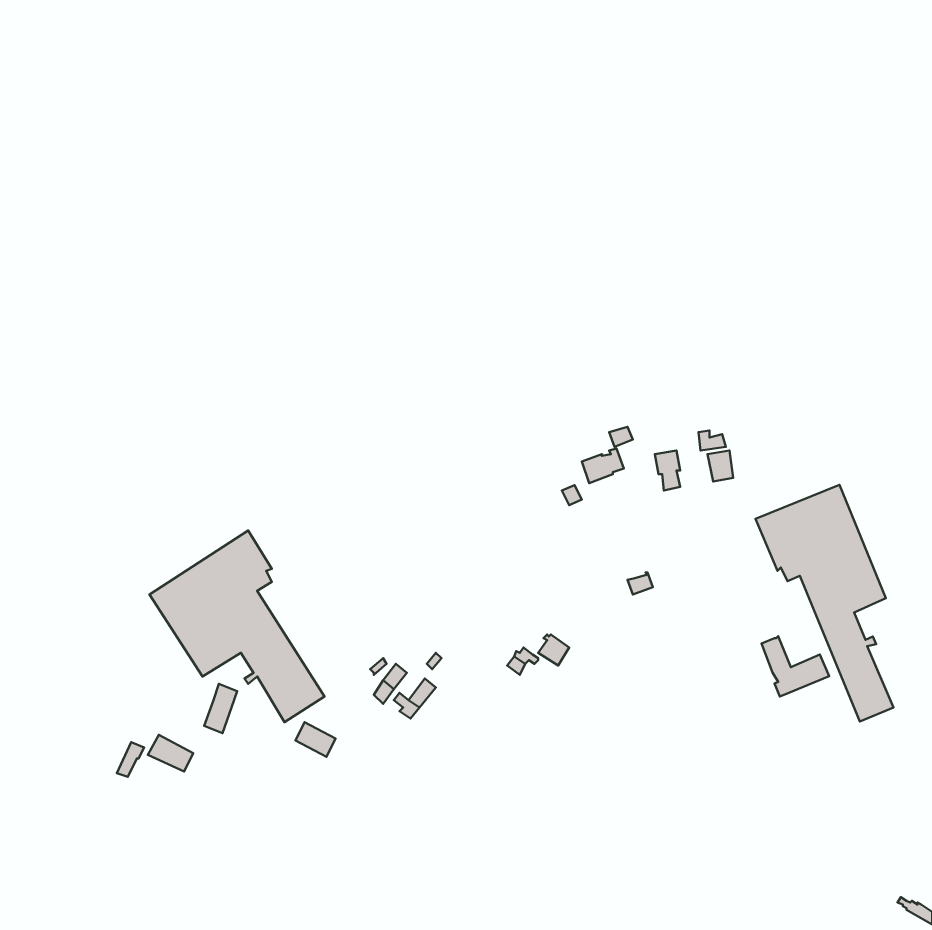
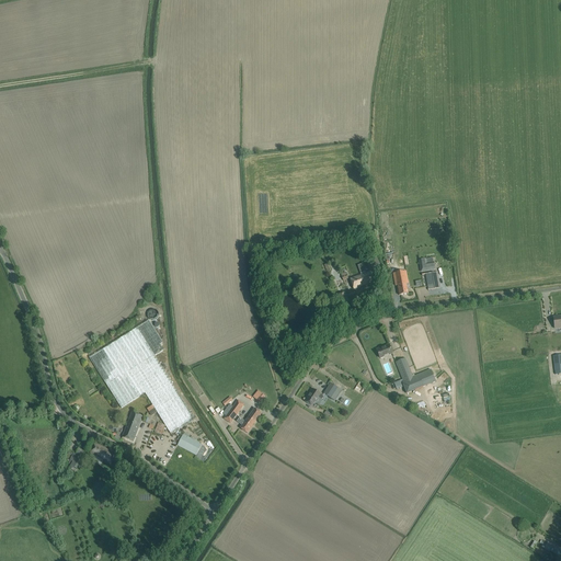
building: [755,485,894,722] -> none
building: [762,636,829,696] -> [396,357,436,393]

